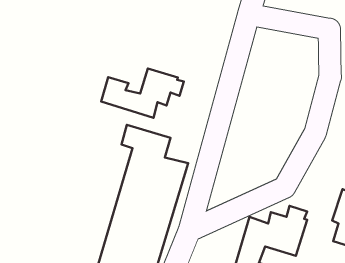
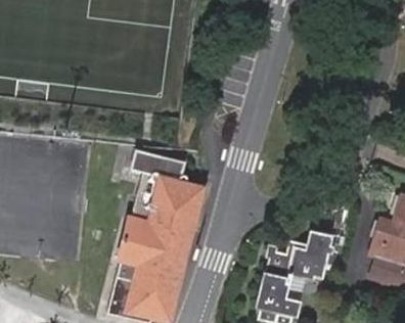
building: [101,69,184,118] -> none

